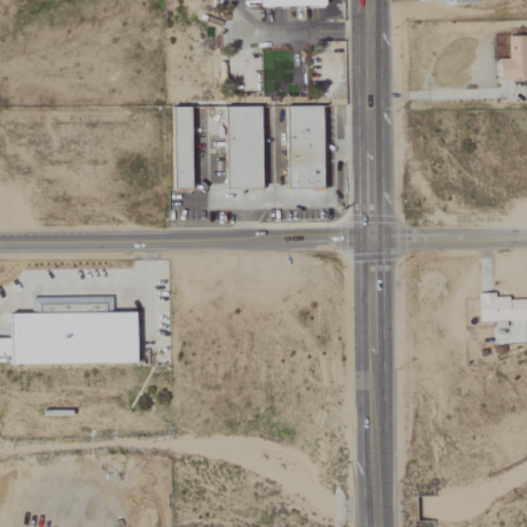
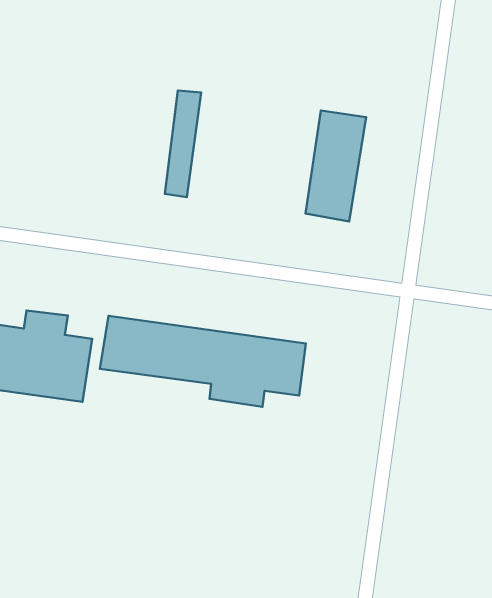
building: [230,106,264,189] -> none
building: none -> [100,316,306,407]

